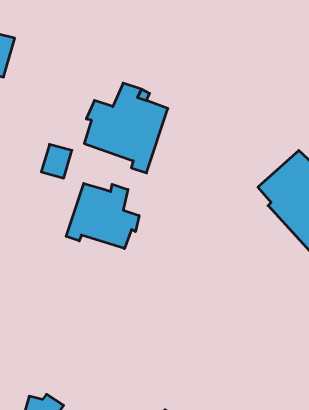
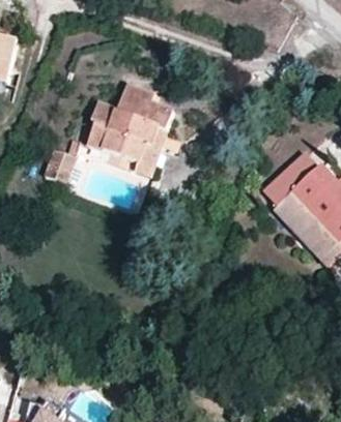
building: [66,183,139,249] -> none

